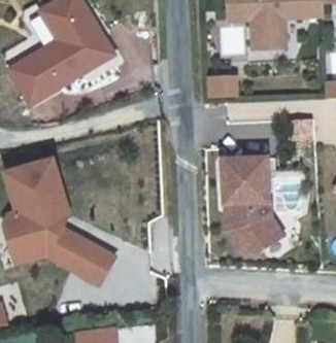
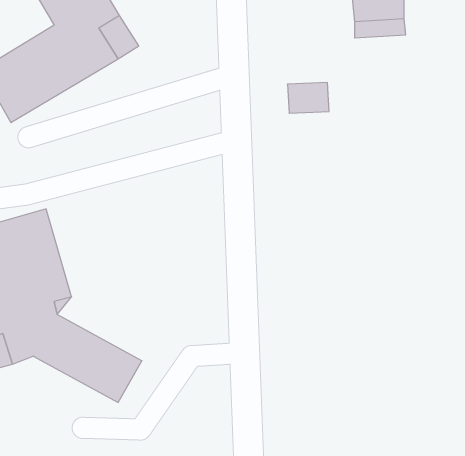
building: [223,159,279,251] -> none

